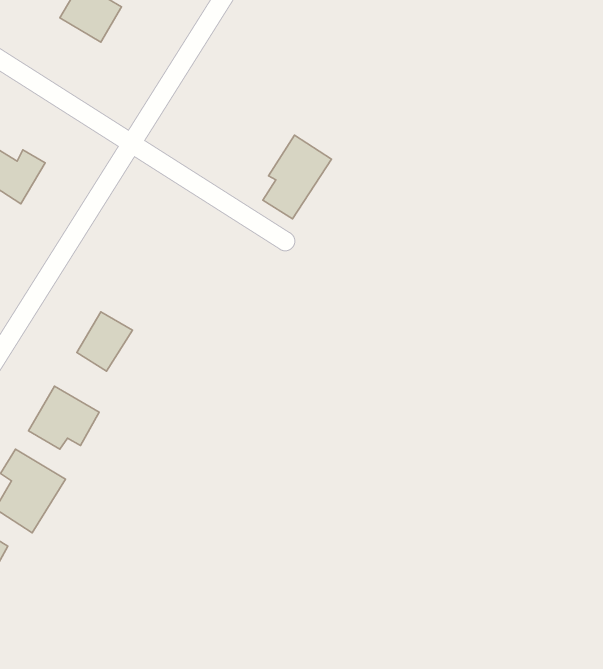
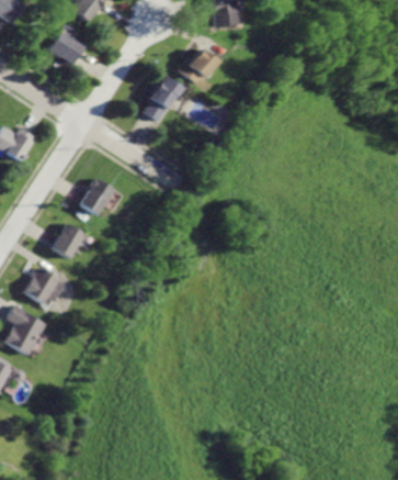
building: none -> [179,48,213,83]
building: [263,135,332,219] -> [144,75,184,124]
building: none -> [82,180,114,215]

